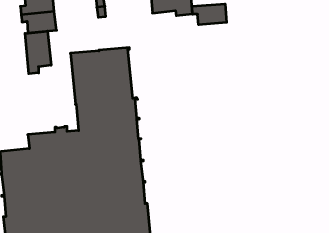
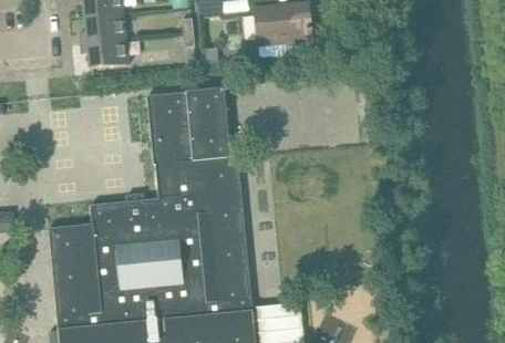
building: [192,4,227,25] -> none
building: [25,31,51,74] -> none

